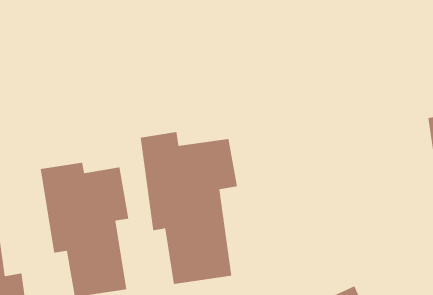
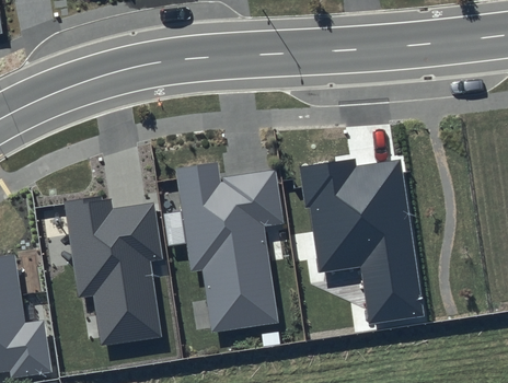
building: none -> [299,160,418,324]

